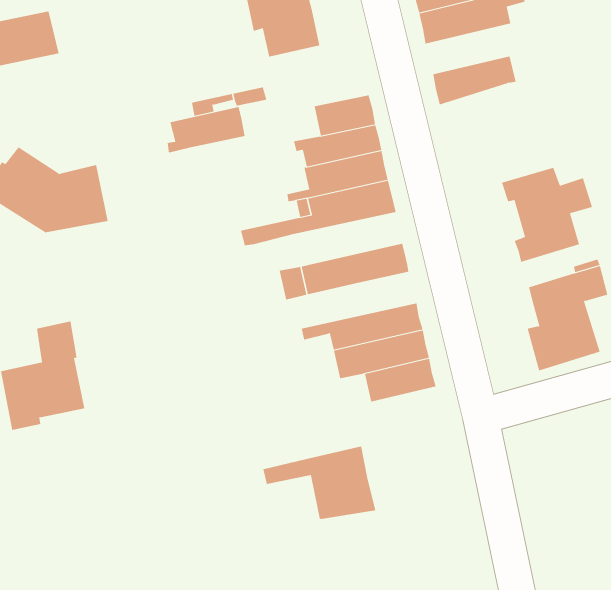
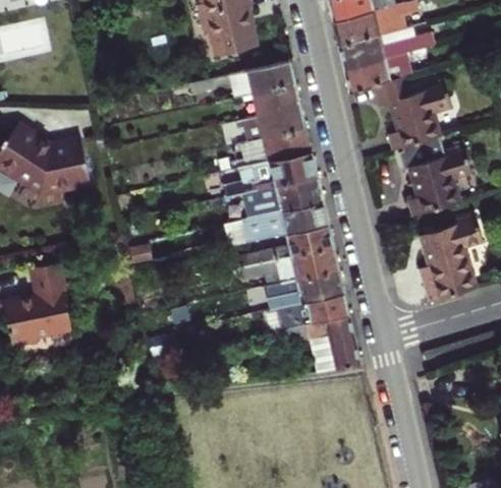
building: none -> [338,26,434,68]
building: none -> [373,75,451,150]
building: [167,107,246,153] -> [232,61,294,98]
building: none -> [238,177,321,219]
building: none -> [237,224,332,268]
building: [262,446,376,519] -> [269,314,358,372]

